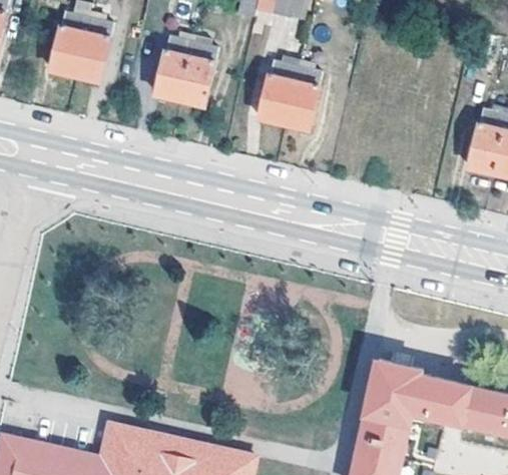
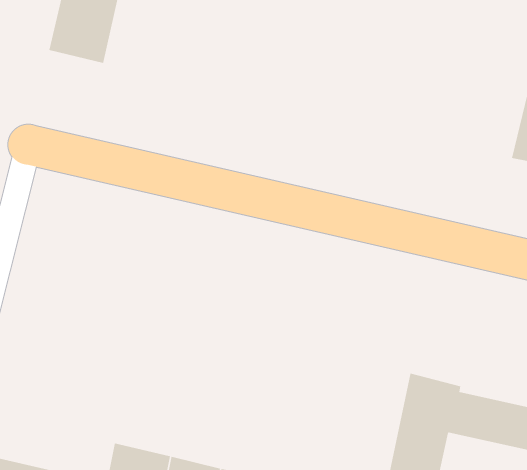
building: [154,36,217,105] -> none
building: [258,60,320,128] -> none

